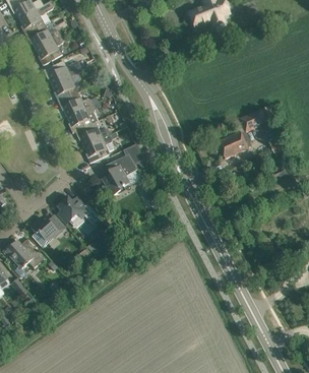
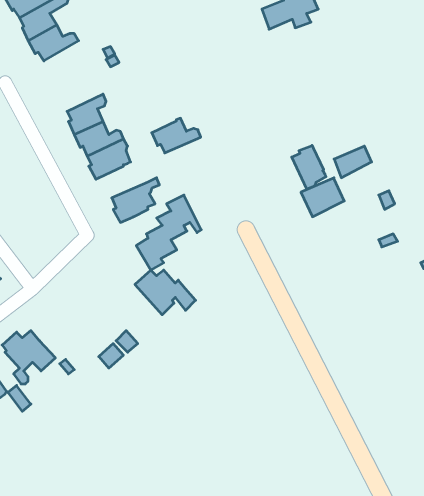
building: [36,35,63,65] -> none
building: [43,60,82,84] -> none
building: none -> [292,145,326,189]
building: [74,121,109,145] -> [152,118,201,153]
building: [56,196,99,228] -> [135,270,196,315]
building: [29,214,64,247] -> none

